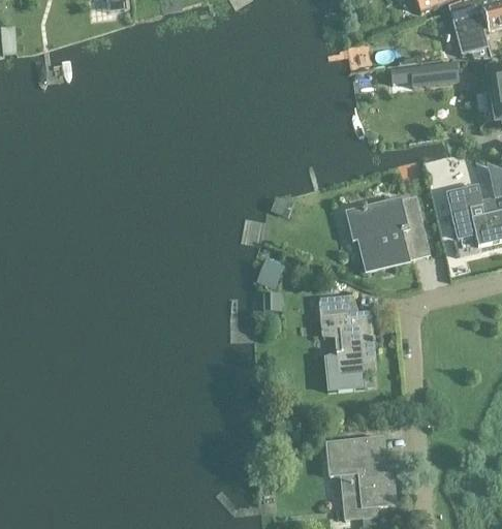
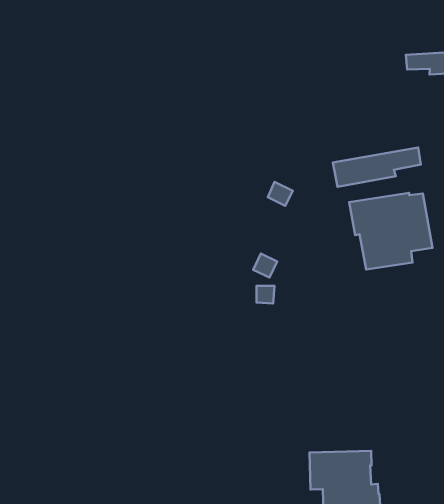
building: none -> [333,148,421,187]
building: [318,294,375,391] -> none

